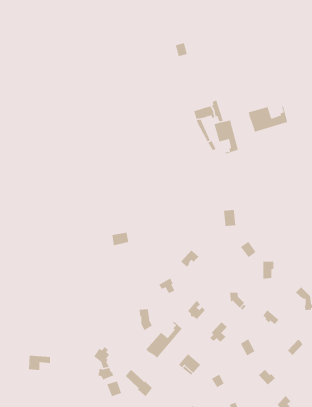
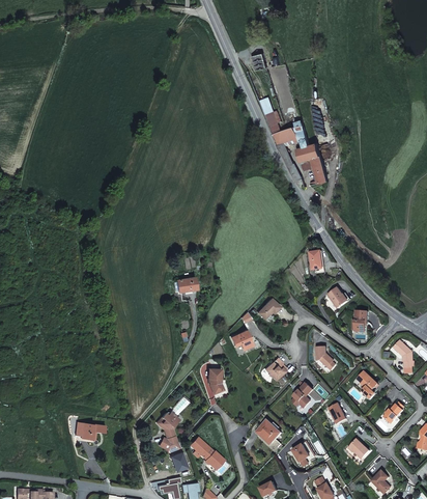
building: [248,105,288,133] -> none
building: [146,321,183,359] -> none

